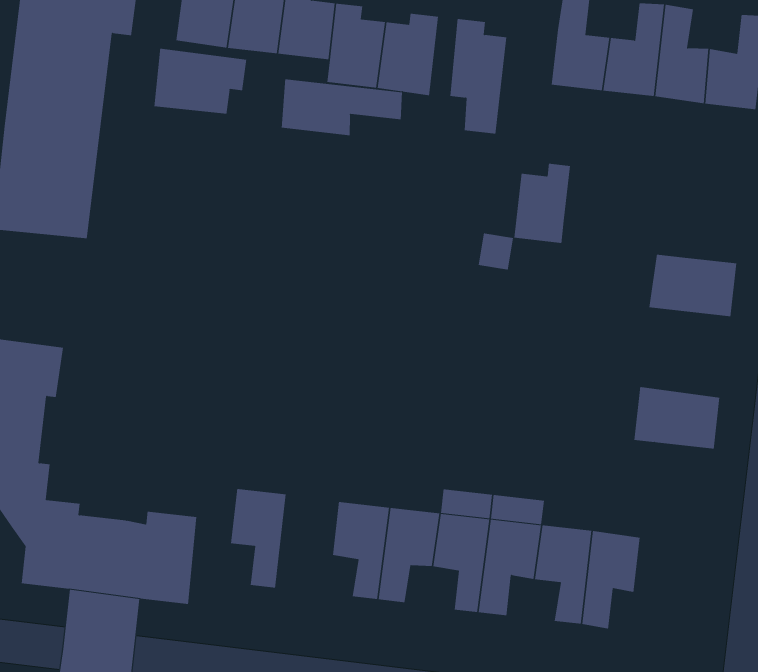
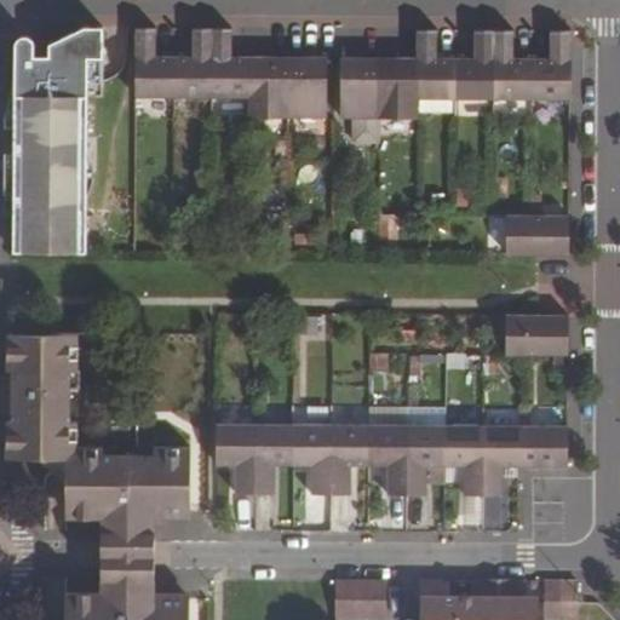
building: [154,48,247,114] -> none
building: [281,78,402,136] -> none
building: [514,163,571,243] -> [378,58,414,116]
building: none -> [253,424,292,494]
building: none -> [518,426,566,467]

